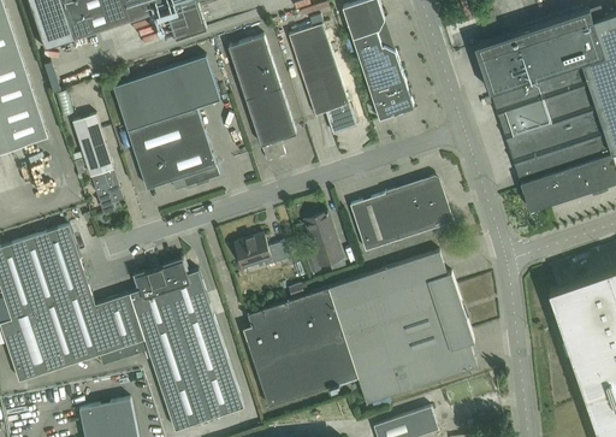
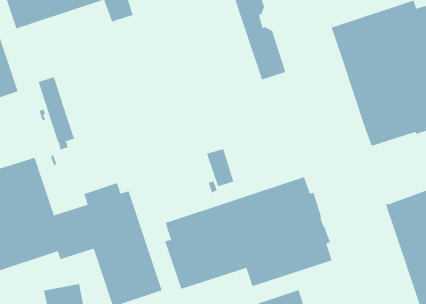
building: [288,23,356,135] -> none
building: [227,35,296,161] -> none
building: [113,57,219,190] -> none
building: [349,178,452,252] -> none
building: [235,234,291,266] -> none

